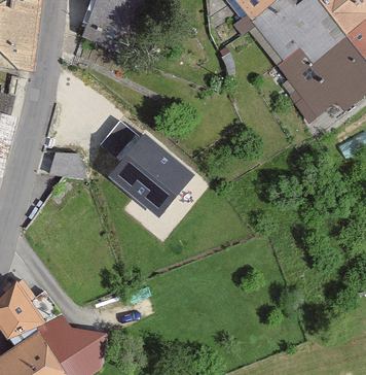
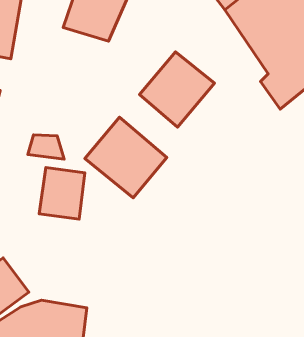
building: none -> [139,52,214,127]
building: none -> [39,167,85,219]

